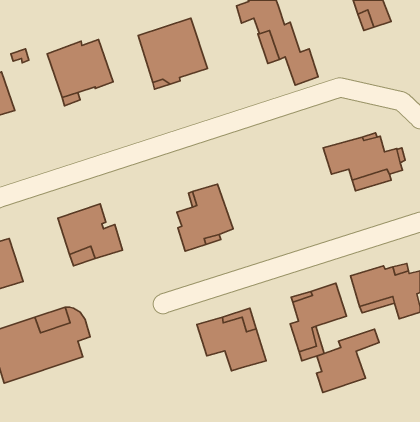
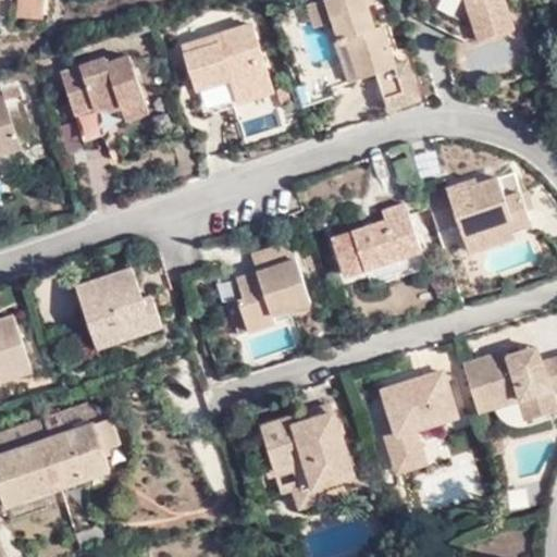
building: none -> [335,205,421,274]
building: [316,329,379,392] -> none
building: none -> [272,462,323,504]

